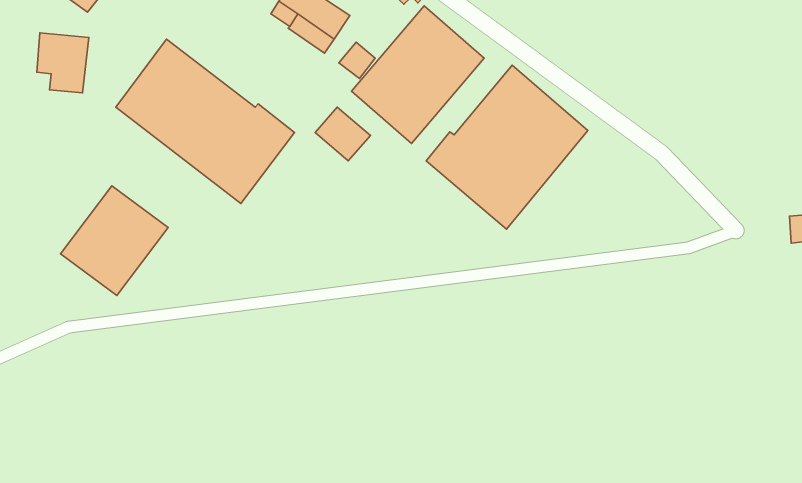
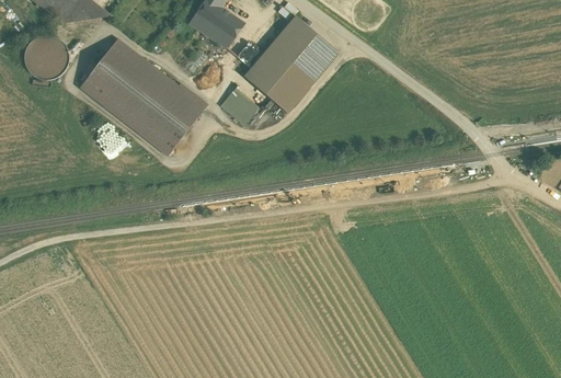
building: [426,65,588,229] -> none
building: [61,186,168,296] -> none

